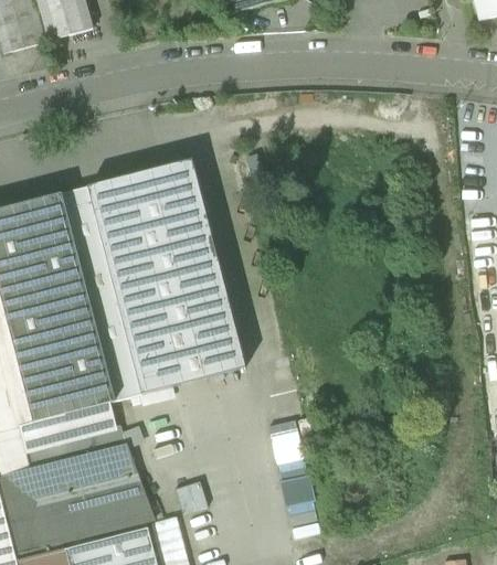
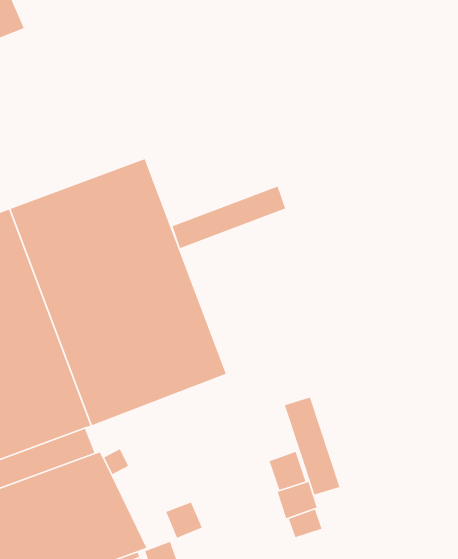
building: none -> [171,186,286,249]
building: none -> [284,397,340,496]

